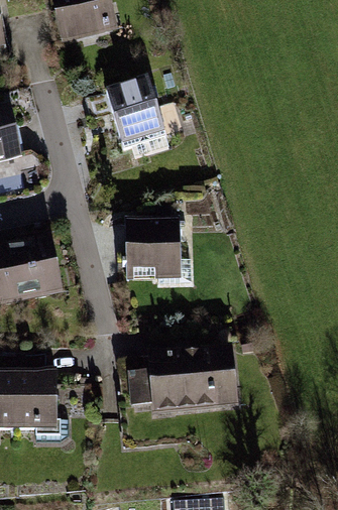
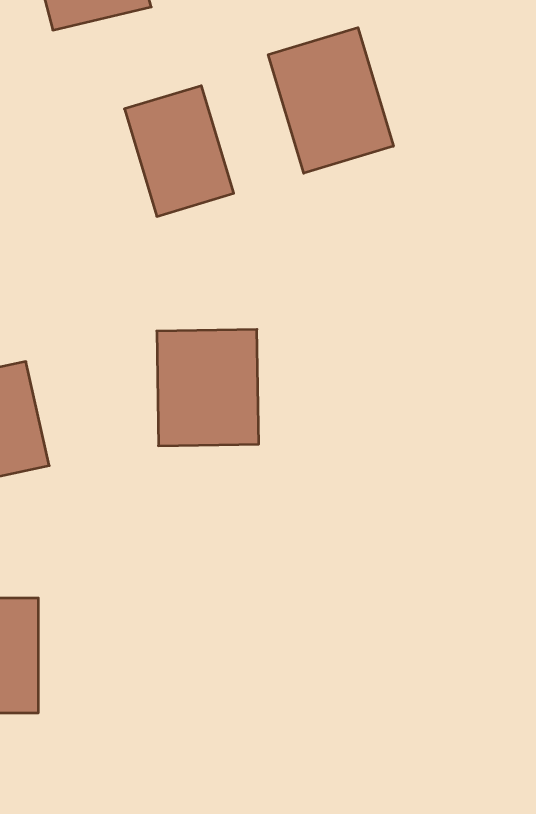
building: none -> [268,28,393,173]
building: [125,346,238,417] -> none

